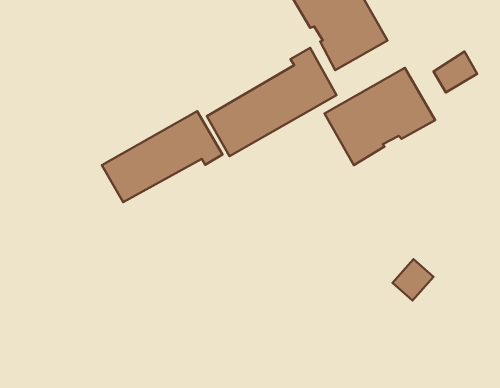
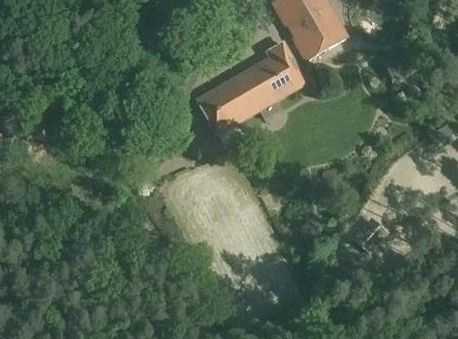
building: [325,68,435,165] -> none
building: [102,111,223,202] -> none

